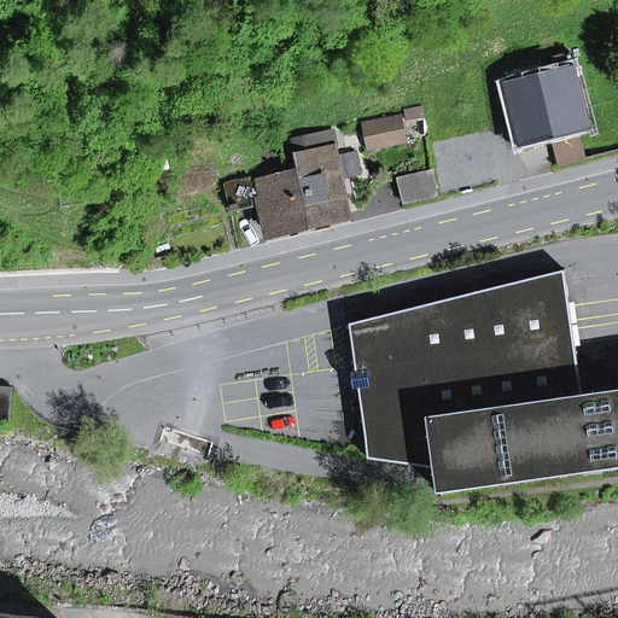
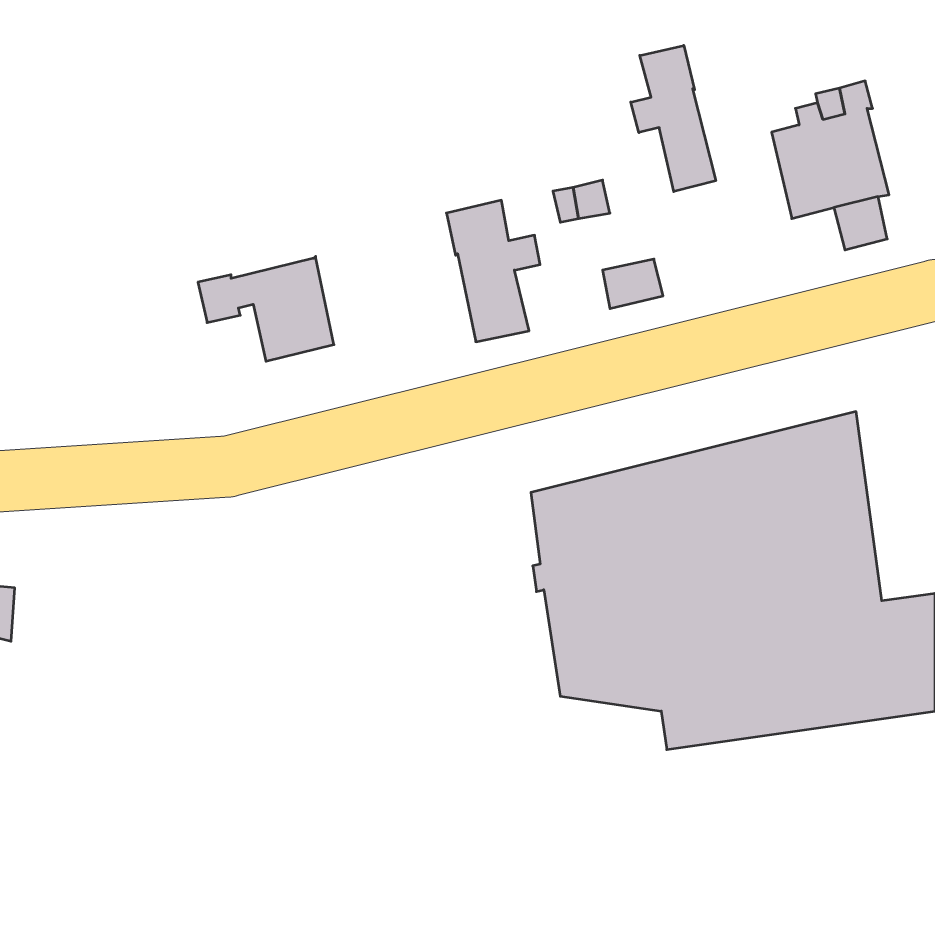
building: none -> [631,45,716,192]
building: [223,167,313,235] -> [198,256,334,361]

